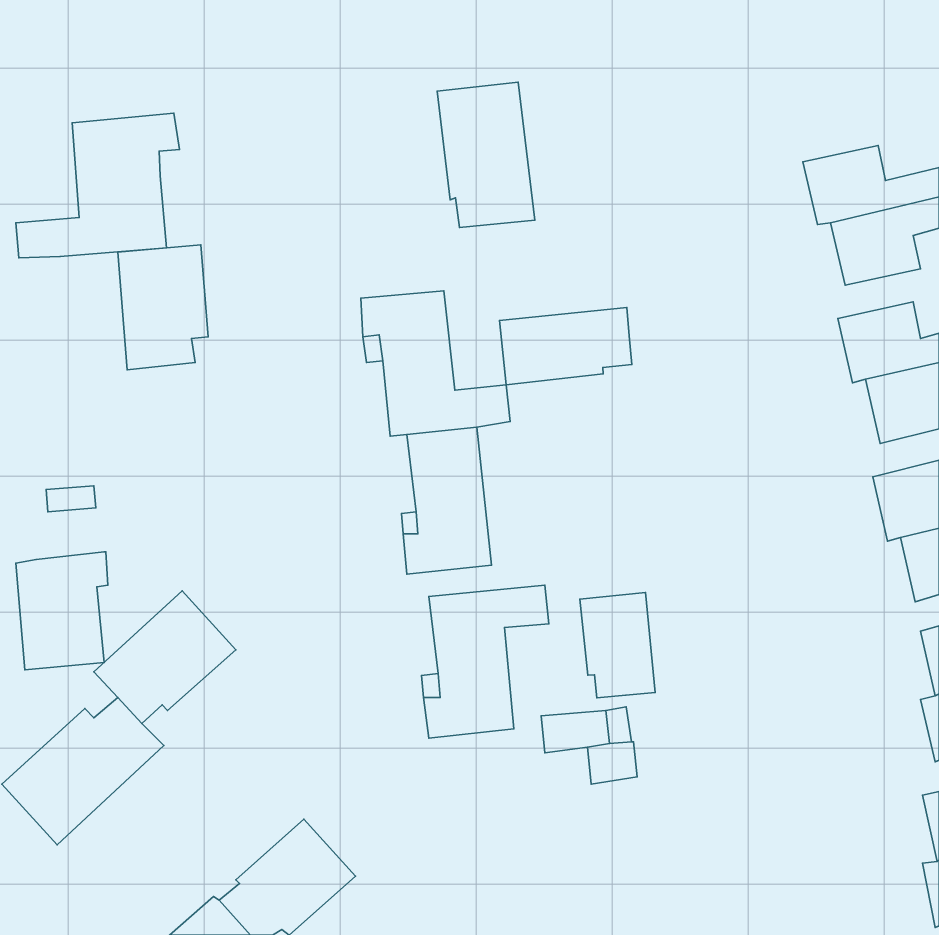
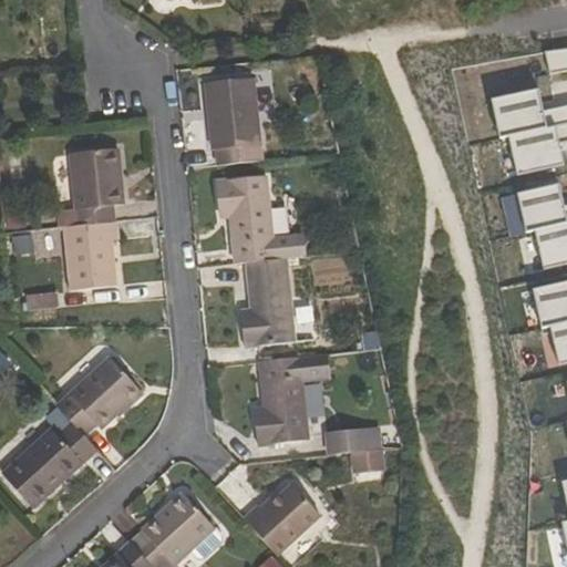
building: [437,82,535,227] -> [205,76,264,164]
building: [16,113,180,258] -> none
building: [499,307,632,385] -> none
building: [16,552,108,670] -> [64,218,120,289]
building: [580,592,655,698] -> none
building: none -> [244,482,320,554]

